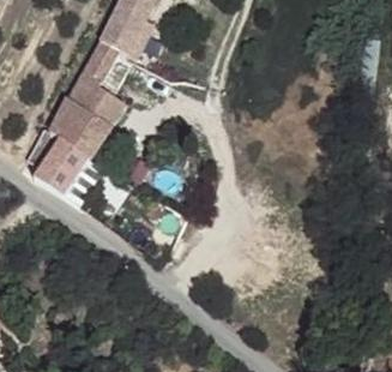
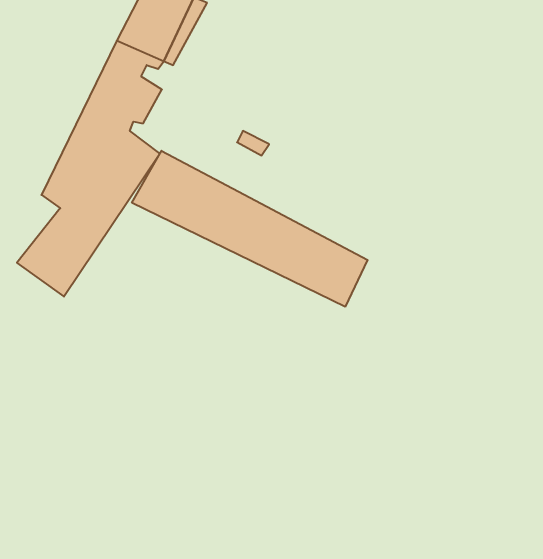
building: none -> [132,151,368,307]

